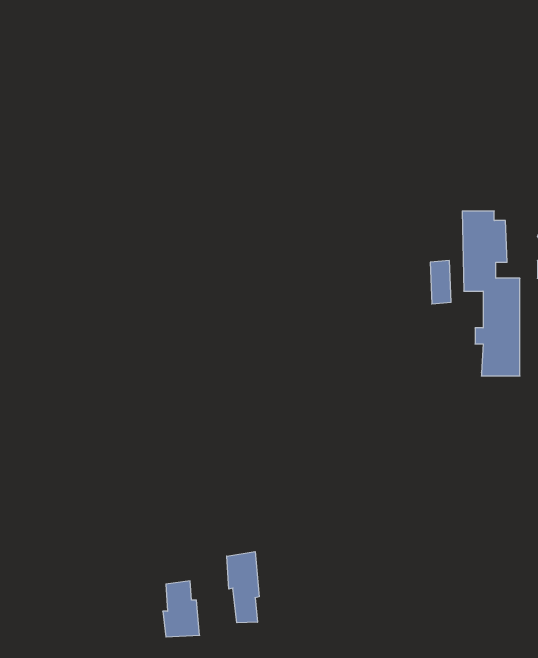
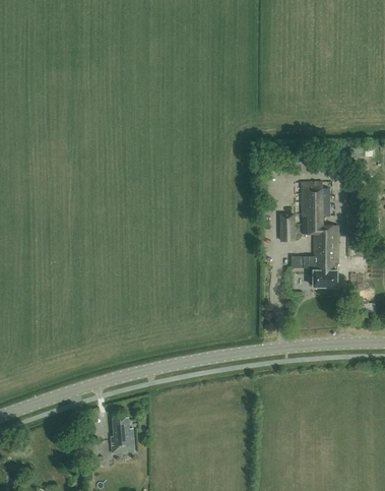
building: [227,552,259,623] -> none

